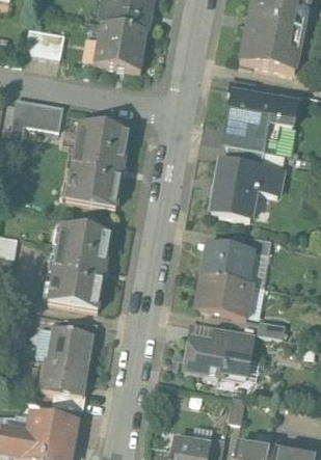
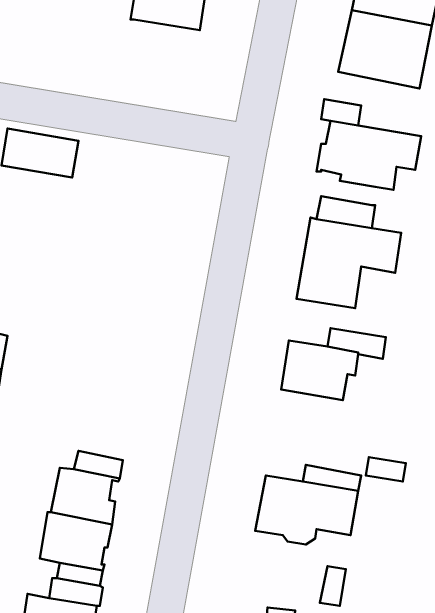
building: [93,26,145,75] -> none
building: [24,30,63,61] -> none
building: [65,124,129,209] -> none
building: [224,128,264,152] -> none
building: [48,225,111,313] -> none
building: [194,276,251,320] -> none

